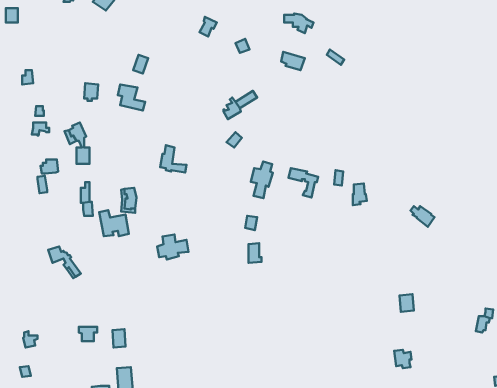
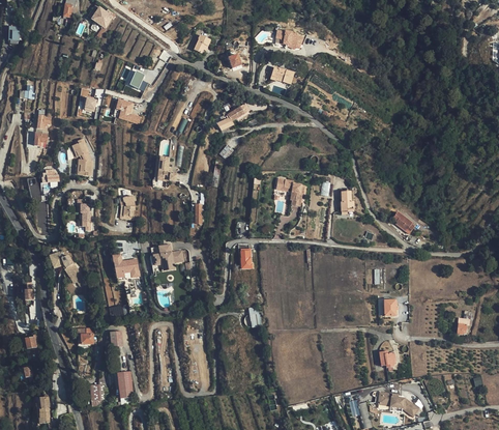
building: [251,162,273,198] -> none
building: [99,210,129,236] -> [113,253,141,278]

